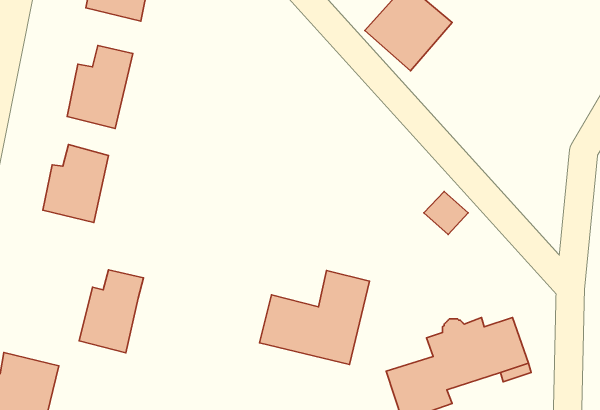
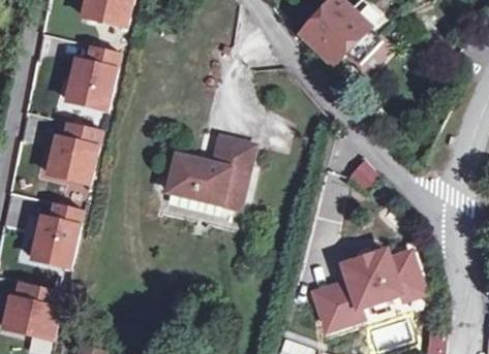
building: [79,270,143,353] -> [31,201,81,265]
building: [260,271,370,364] -> [167,138,252,211]

